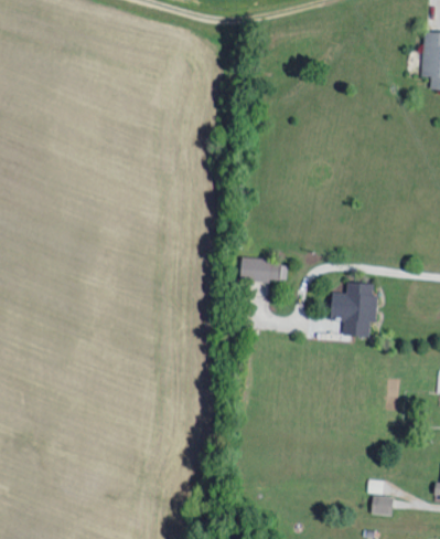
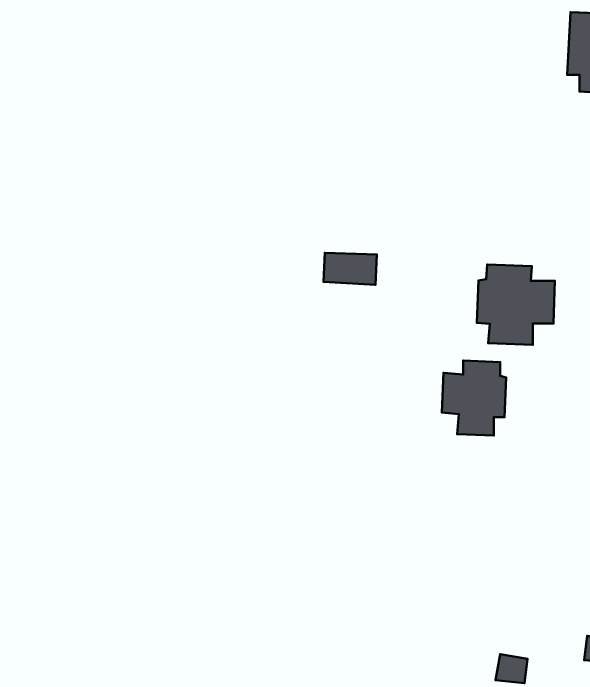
building: none -> [477,265,555,345]
building: [243,258,281,282] -> [323,253,377,285]

